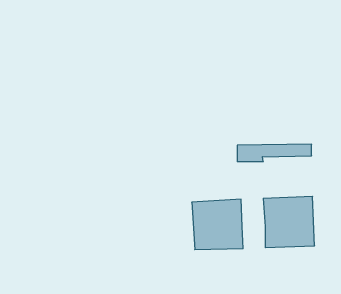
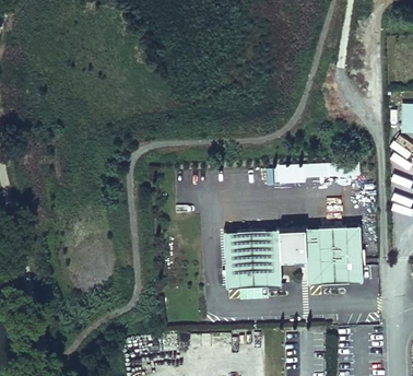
building: none -> [280,228,307,260]

